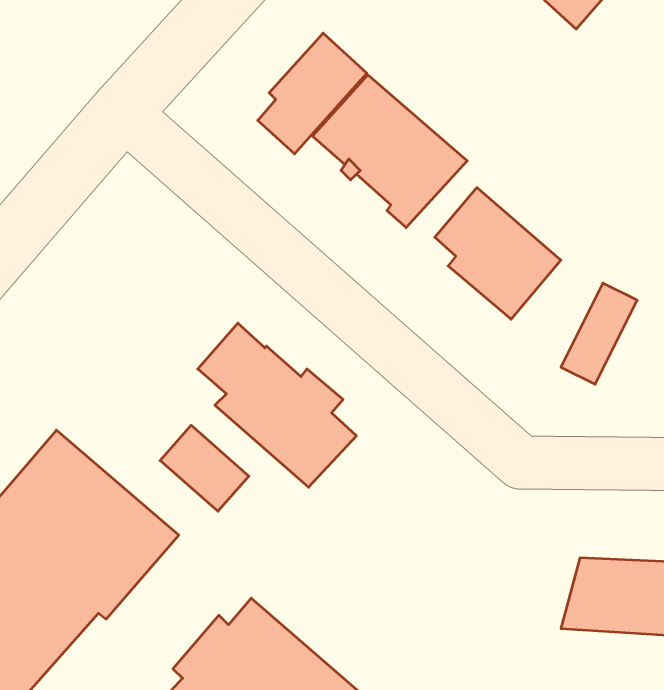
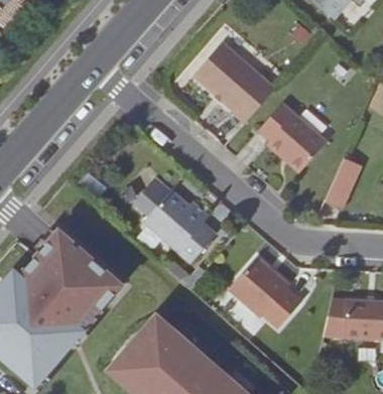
building: [258,33,367,154] -> none
building: [160,425,249,511] -> none
building: none -> [231,255,303,325]

